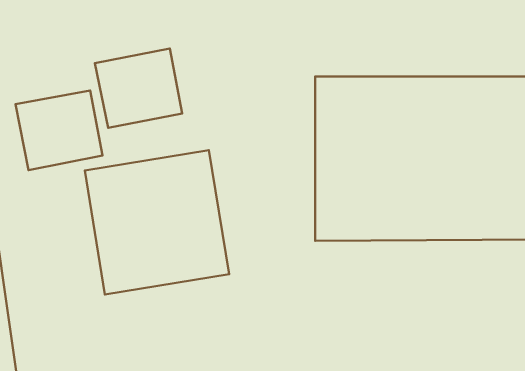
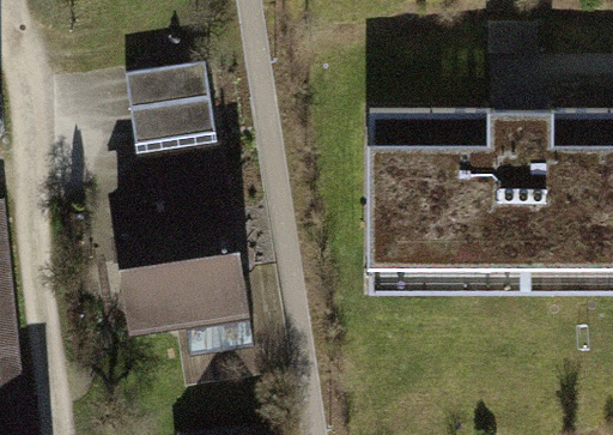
building: [16,90,103,170] -> none

